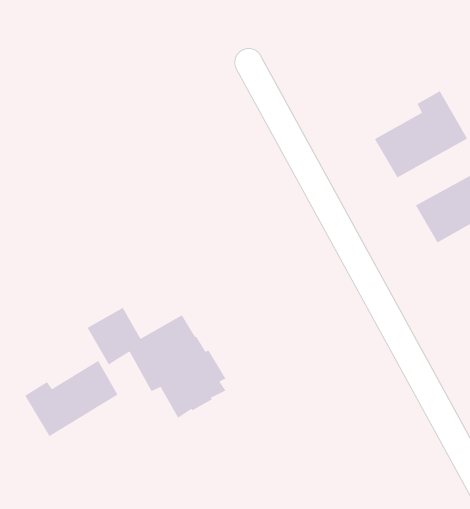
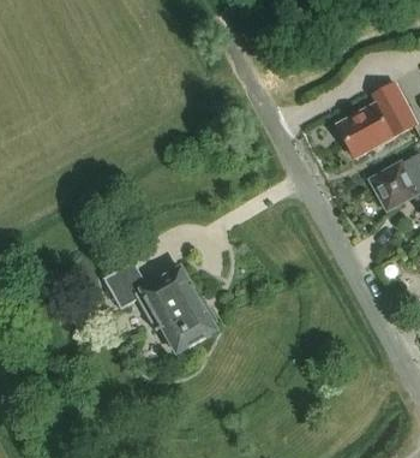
building: [24,360,119,437] -> none

